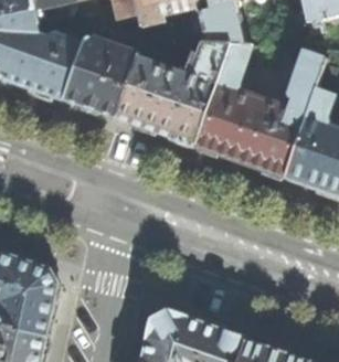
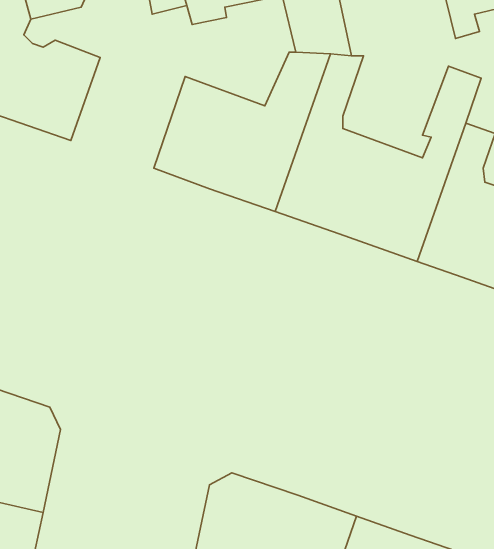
building: [63,38,137,117] -> none

